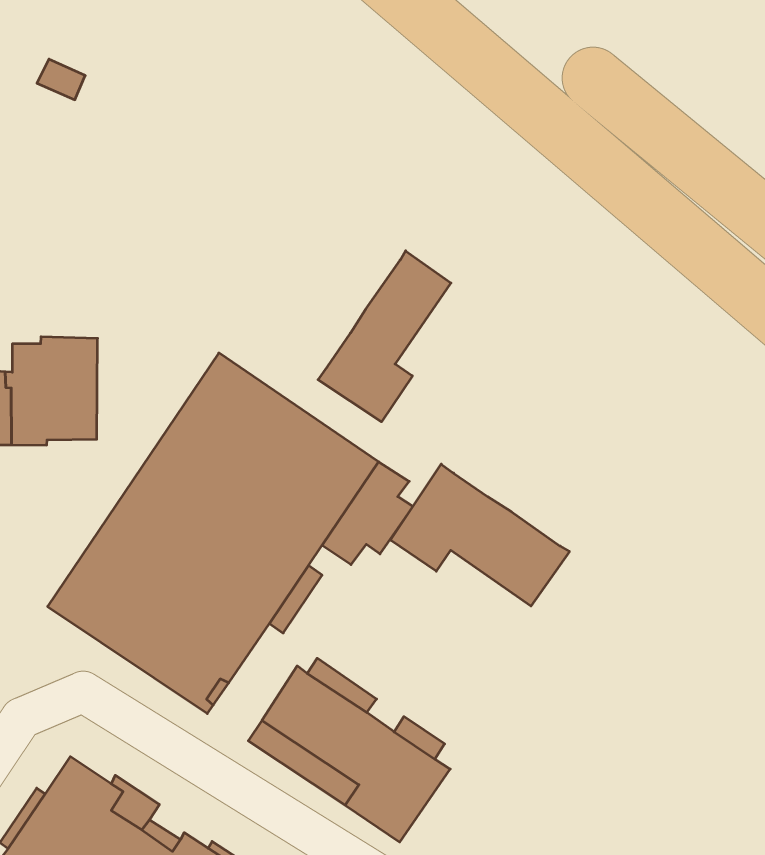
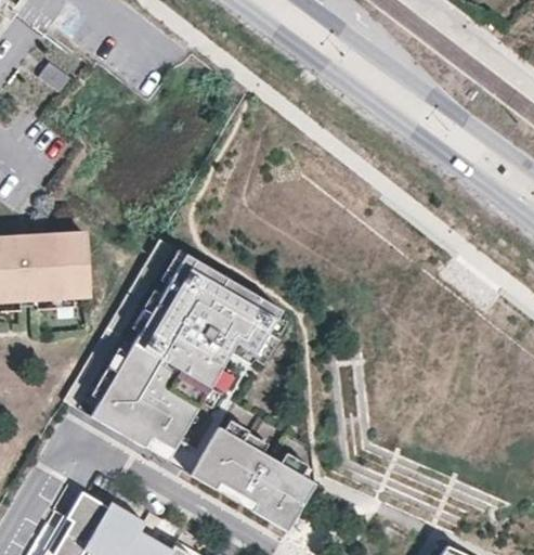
building: [318,251,451,422] -> none
building: [391,464,569,606] -> none

